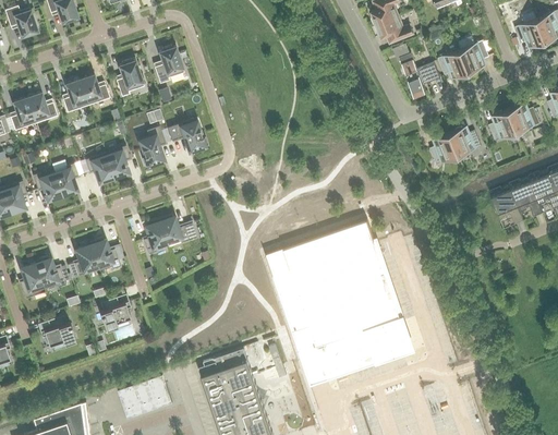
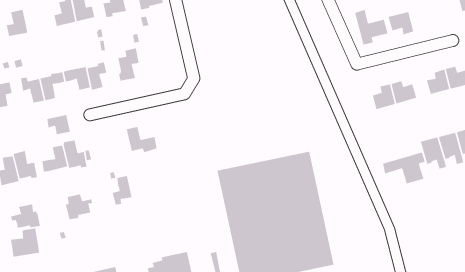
building: [460,41,488,73] -> none
building: [27,93,57,124] -> none
building: [167,119,208,152] -> none
building: none -> [382,152,426,185]
building: none -> [47,114,71,135]
building: [143,219,167,255] -> [112,175,132,206]
building: none -> [10,227,40,258]

